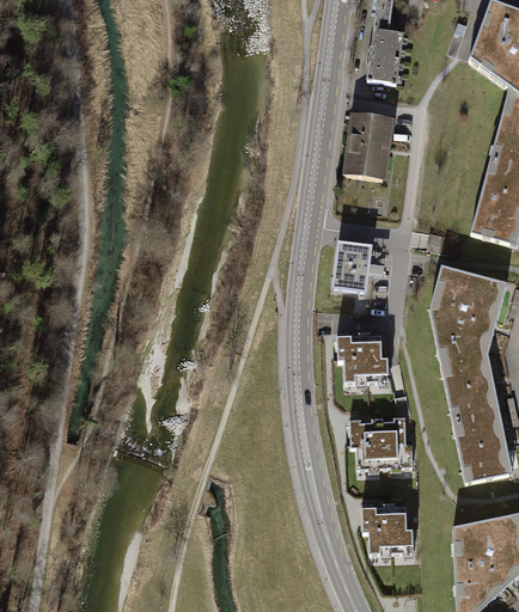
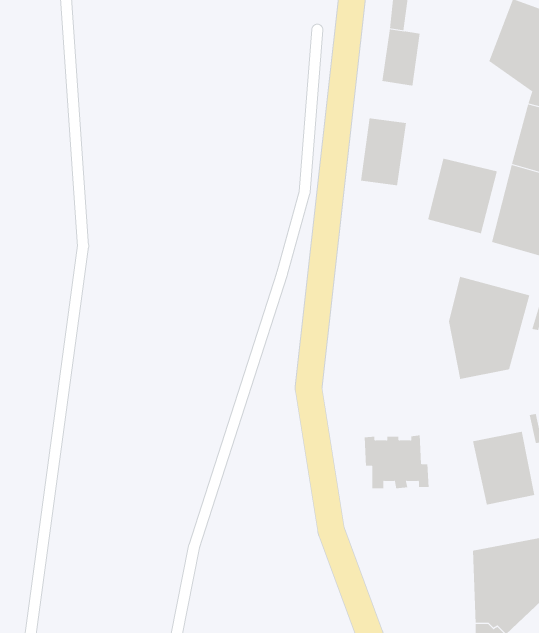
building: none -> [428,158,498,234]
building: [332,243,372,292] -> none
building: [337,332,389,382] -> none
building: [441,353,501,421] -> none
building: [362,502,414,553] -> none

